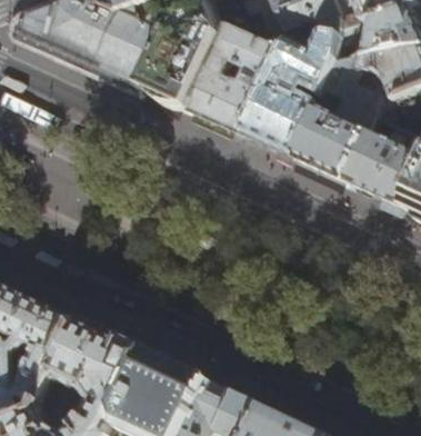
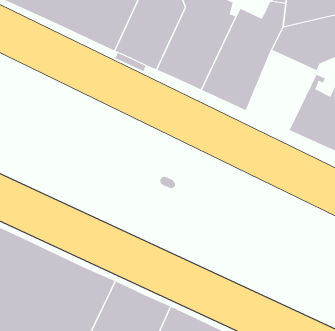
building: [295,91,377,182] -> none

